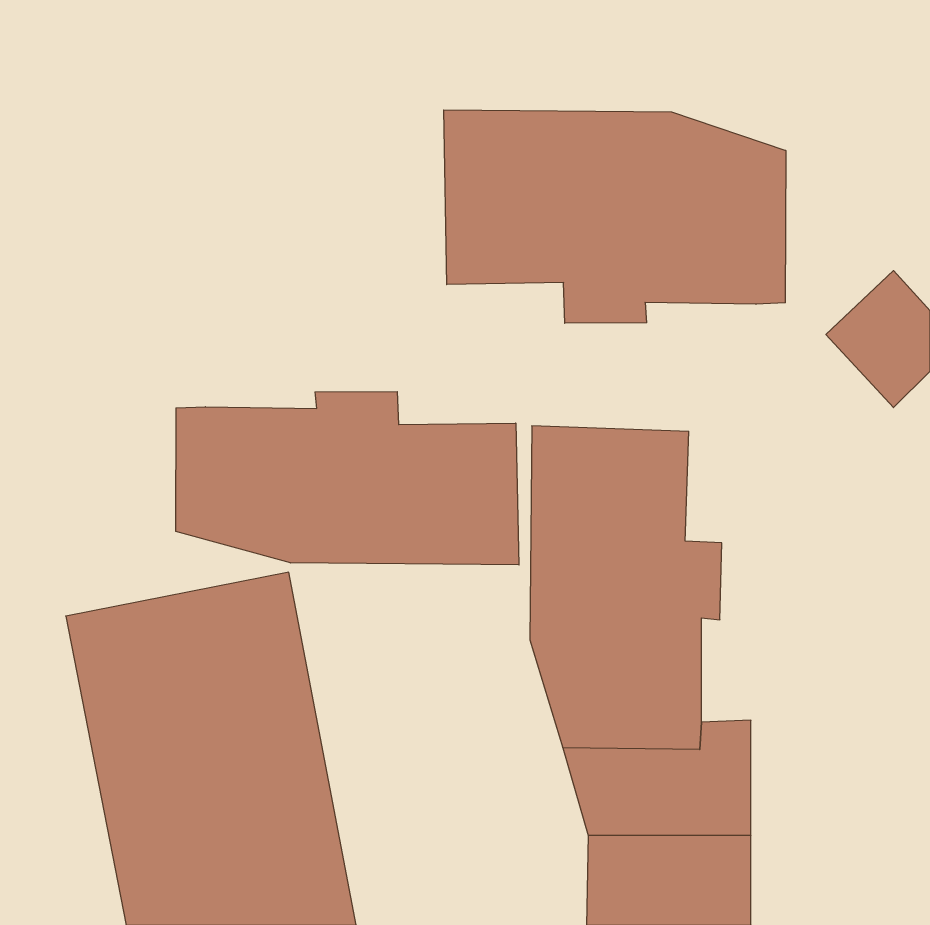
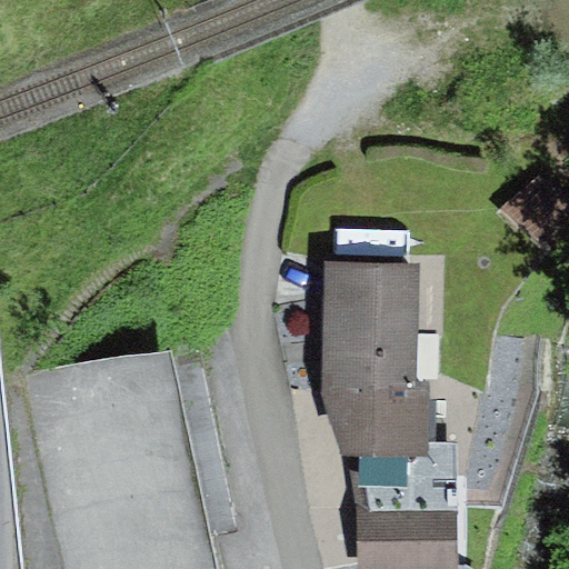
building: [444,110,786,323] -> none
building: [176,392,519,565] -> none

